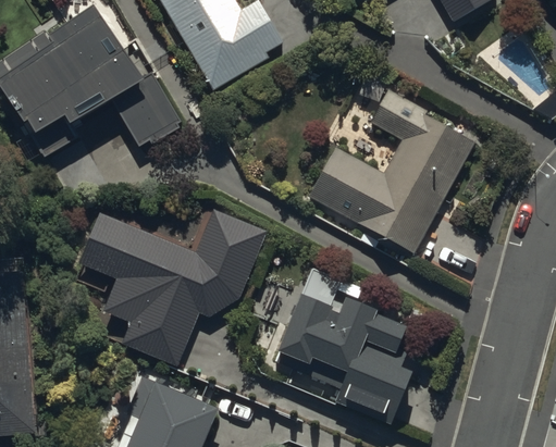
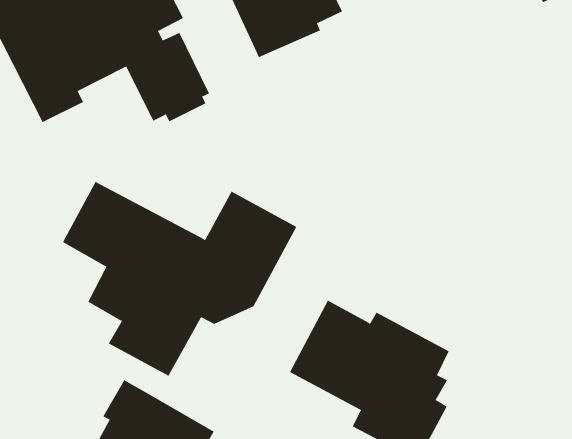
building: [307,92,474,258] -> none

